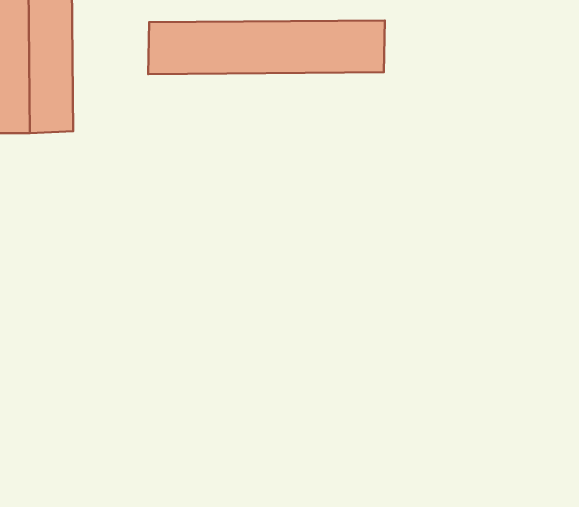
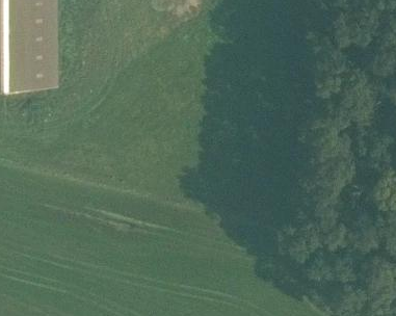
building: [148,20,385,74] -> none

